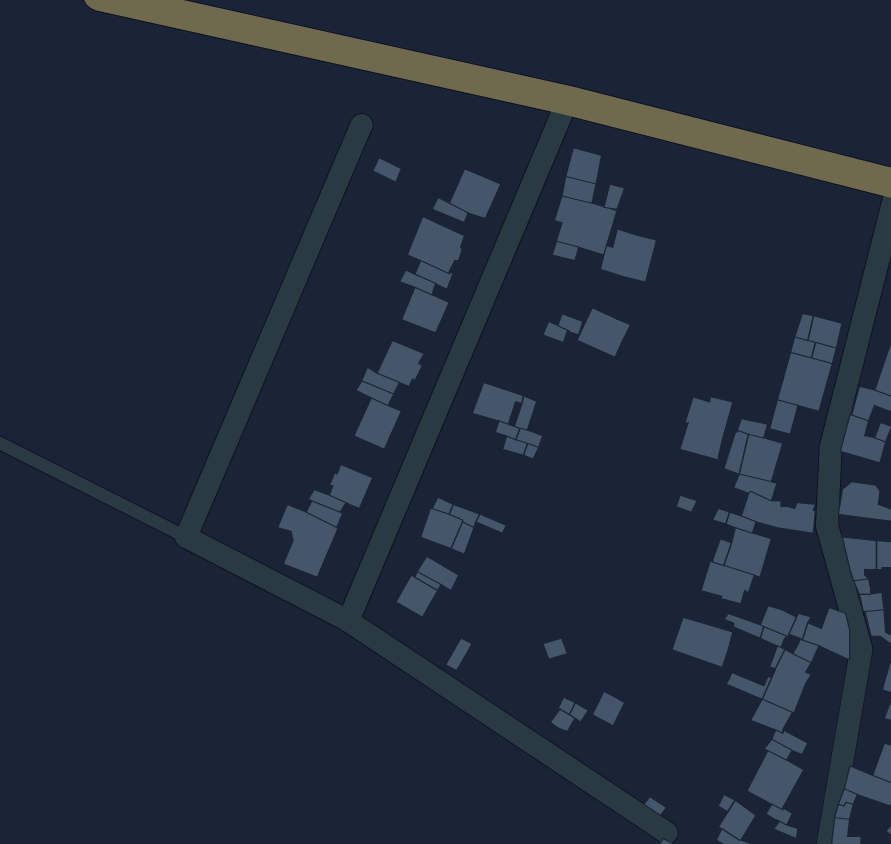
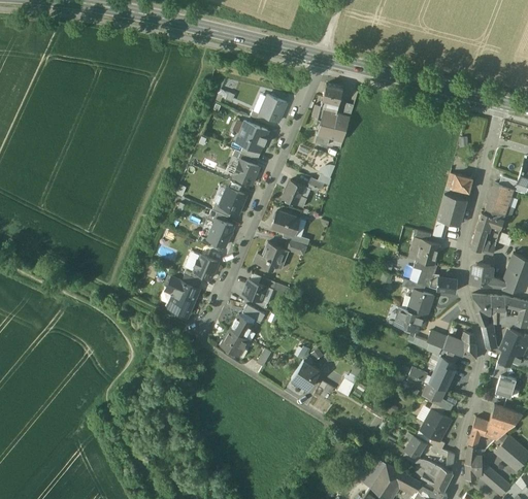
building: [600,229,657,282] -> none
building: [577,308,630,357] -> [283,179,311,206]
building: [680,396,733,460] -> none
building: none -> [255,241,289,268]
building: none -> [222,329,249,356]
building: [672,617,733,667] -> none
building: none -> [292,359,321,390]

